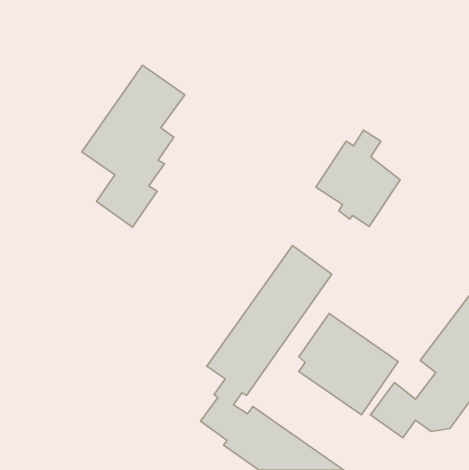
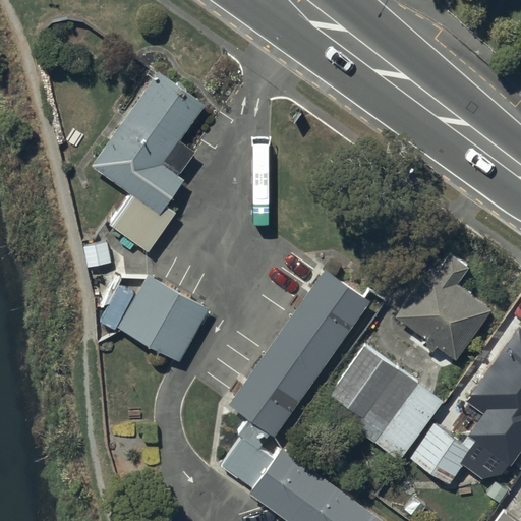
building: [316,130,400,227] -> [395,253,488,360]
building: none -> [119,275,207,361]

